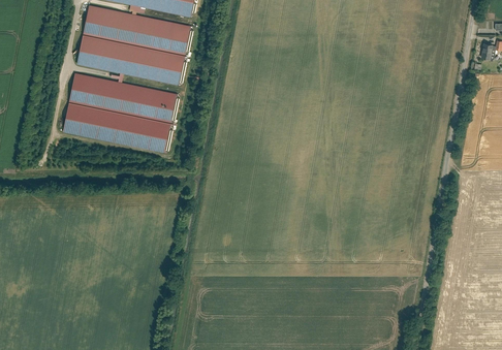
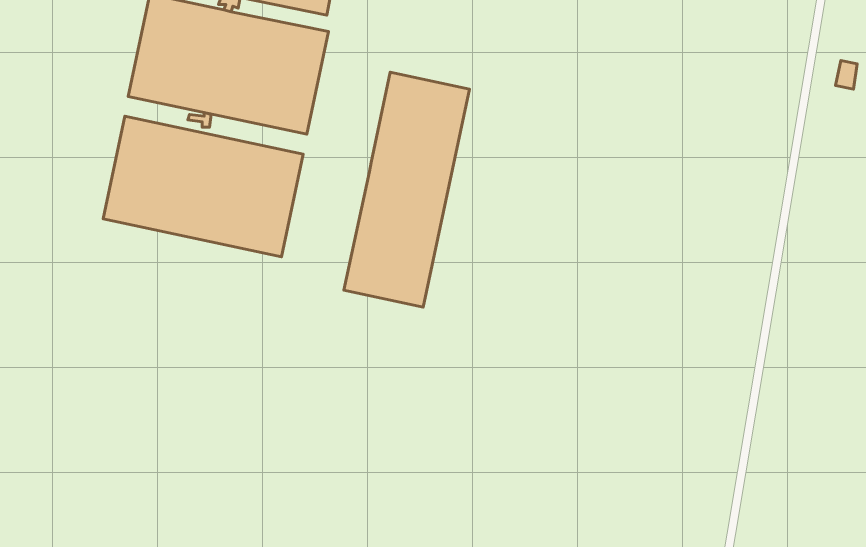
building: none -> [344,72,469,307]

